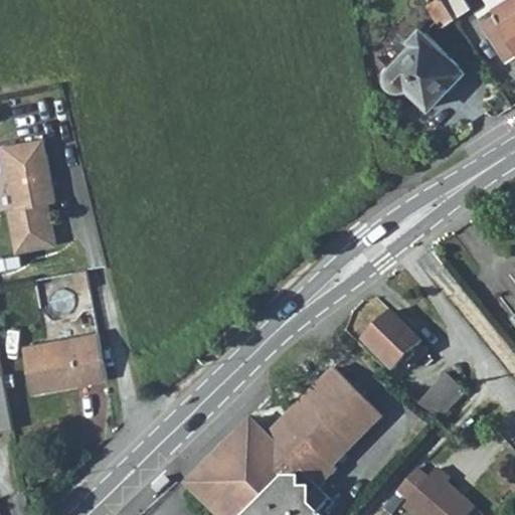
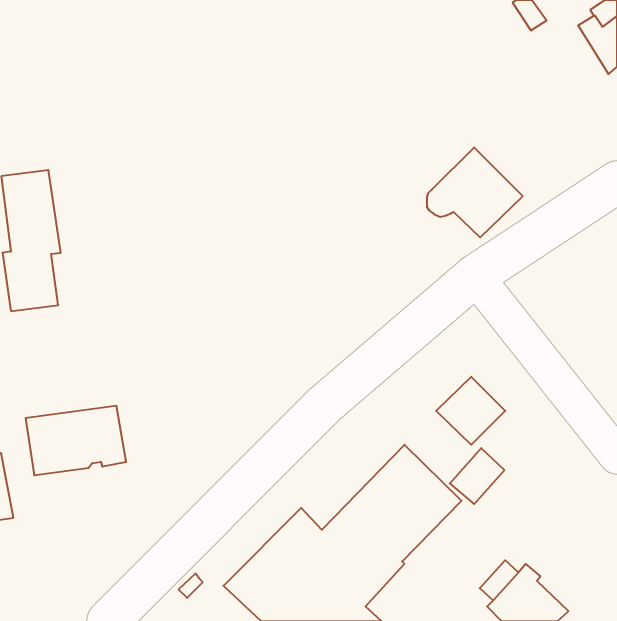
building: [383,29,463,104] -> [427,147,523,237]
building: [417,373,463,419] -> [450,448,504,504]

